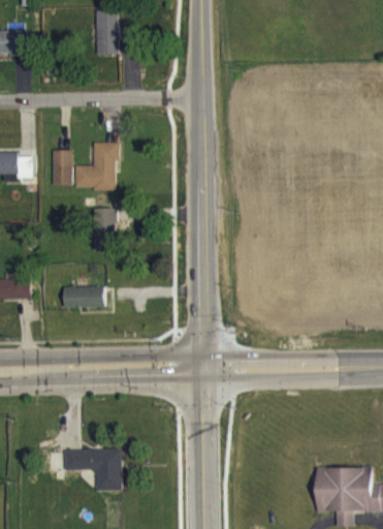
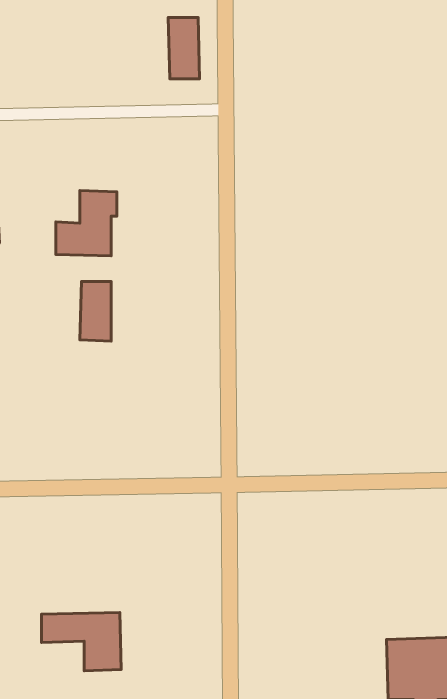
building: [95,9,118,54] -> [168,18,200,79]
building: [52,149,71,184] -> none
building: [63,286,103,308] -> none

